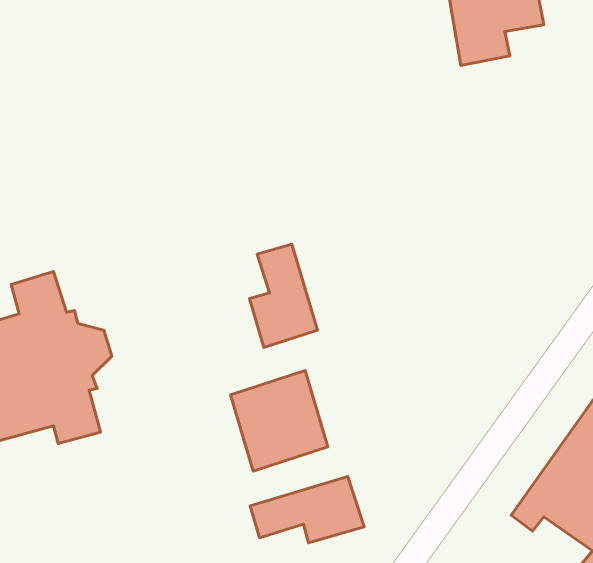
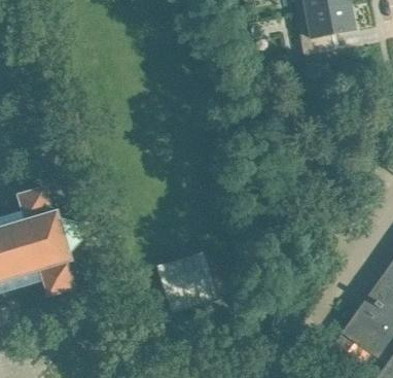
building: [250,244,317,348] -> none
building: [250,477,364,543] -> none

